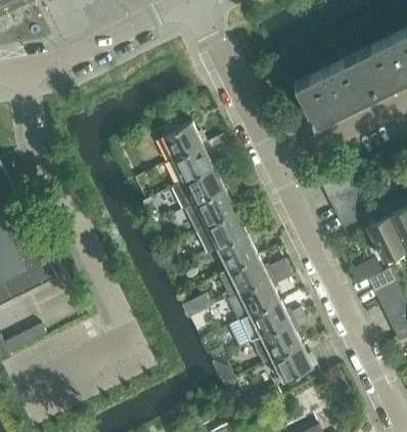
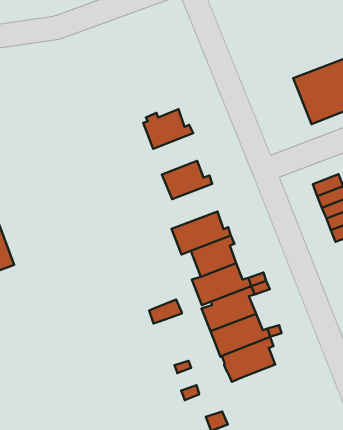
building: [173,144,214,184] -> none
building: [185,188,236,232] -> none
building: [271,346,317,386] -> none

